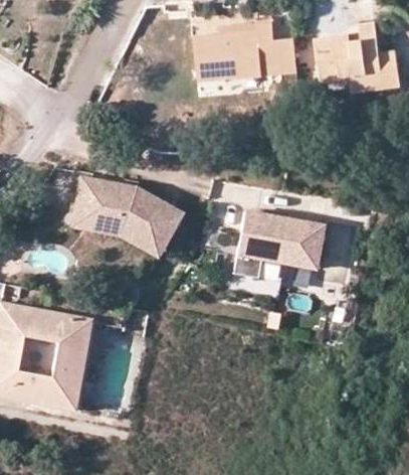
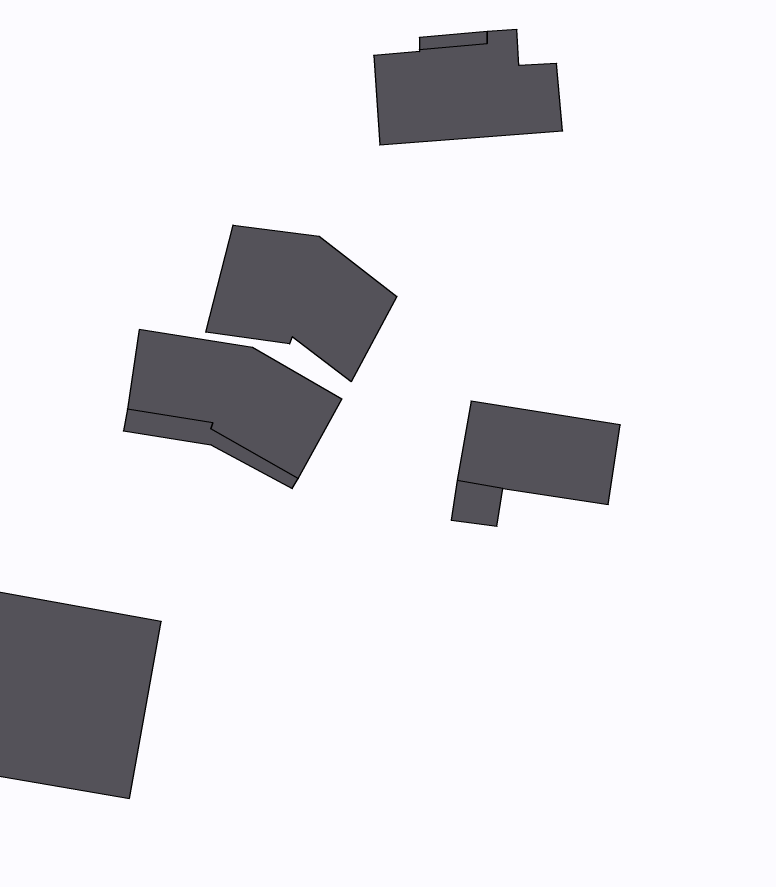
building: [313,22,398,91] -> none
building: none -> [206,225,397,382]

